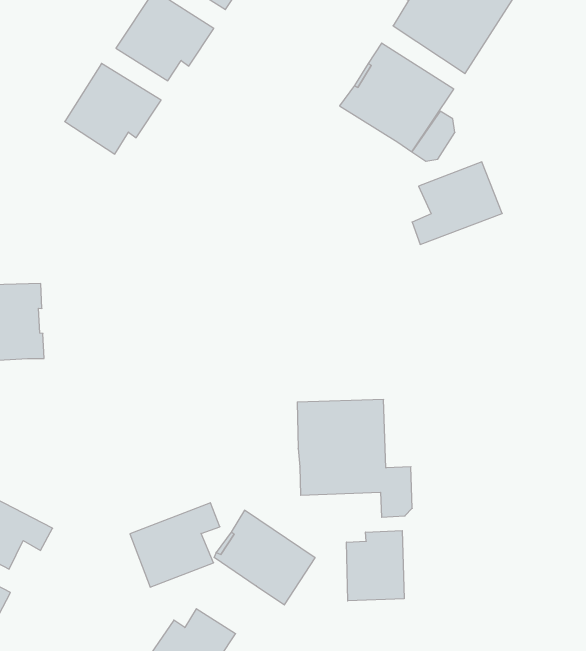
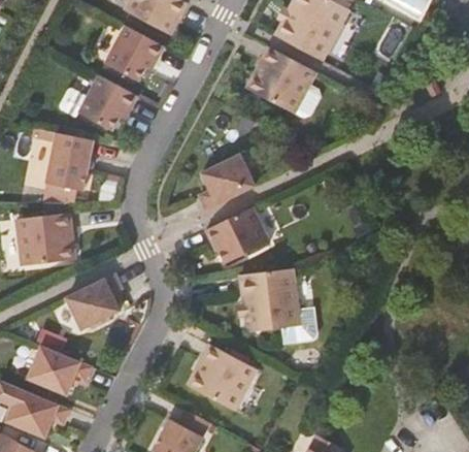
building: none -> [46,133,91,191]
building: [412,162,502,244] -> [199,155,255,209]
building: none -> [206,206,270,263]
building: [130,503,220,587] -> [66,273,122,329]
building: [347,531,404,601] -> none

